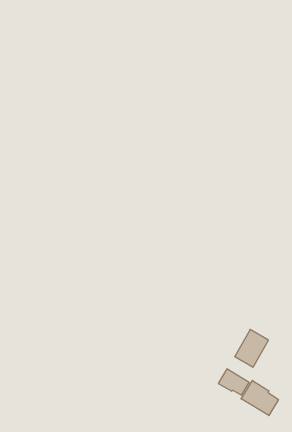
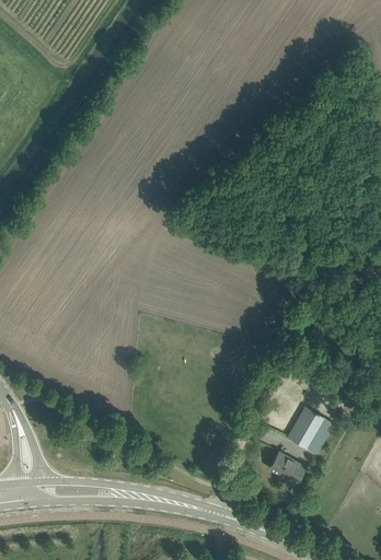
building: [241,380,278,416] -> none

